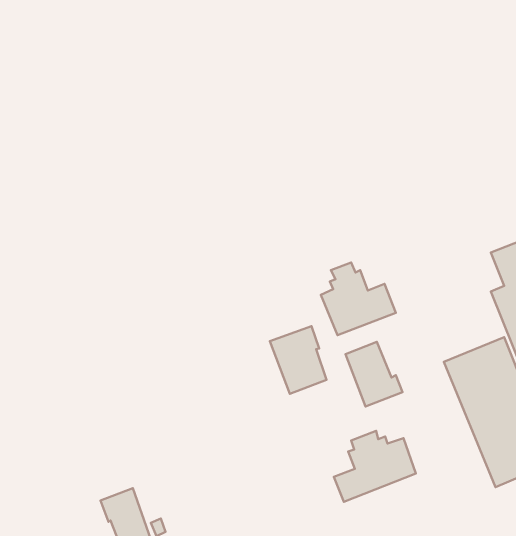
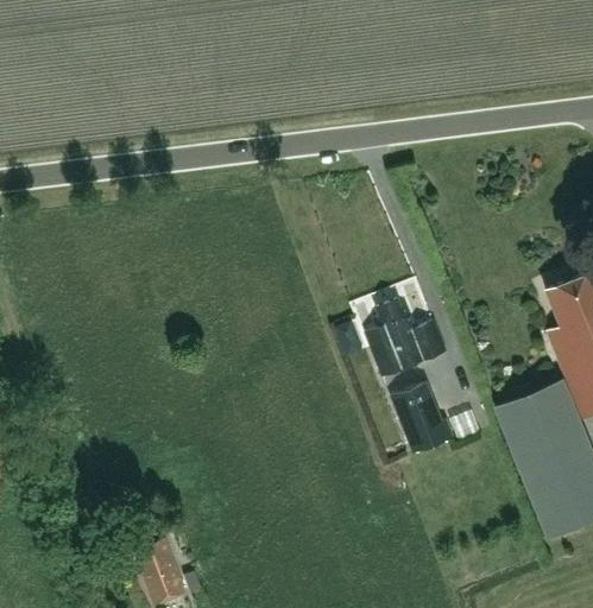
building: [270,326,327,394] -> none
building: [334,431,416,502] -> none

